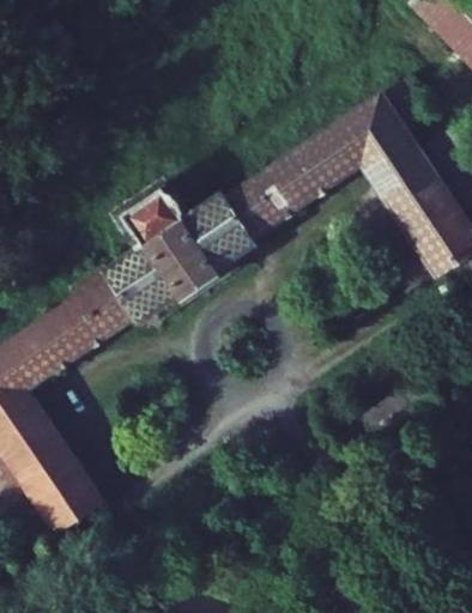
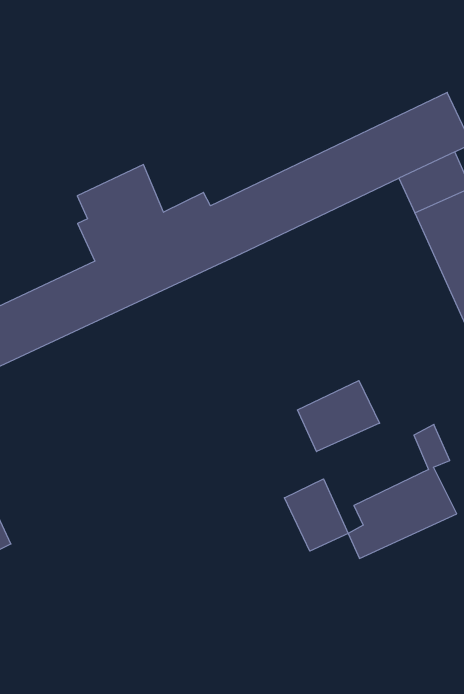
building: none -> [297,381,380,452]
building: none -> [284,479,348,551]

